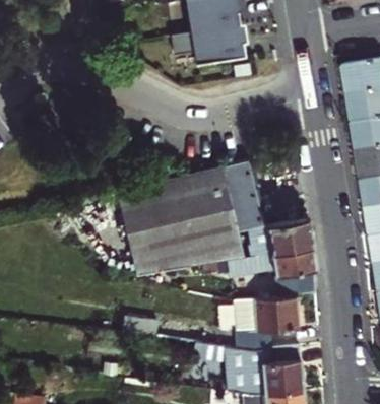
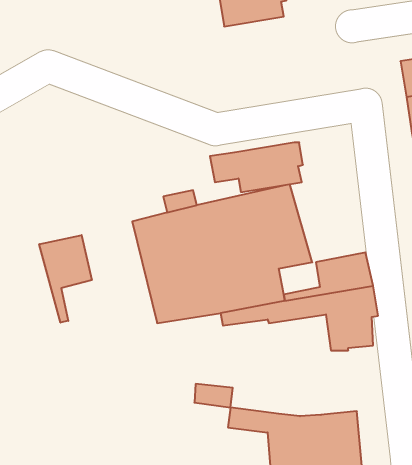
building: [175,25,251,66] -> [210,142,303,192]
building: none -> [39,235,92,323]
building: [236,298,300,352] -> none

